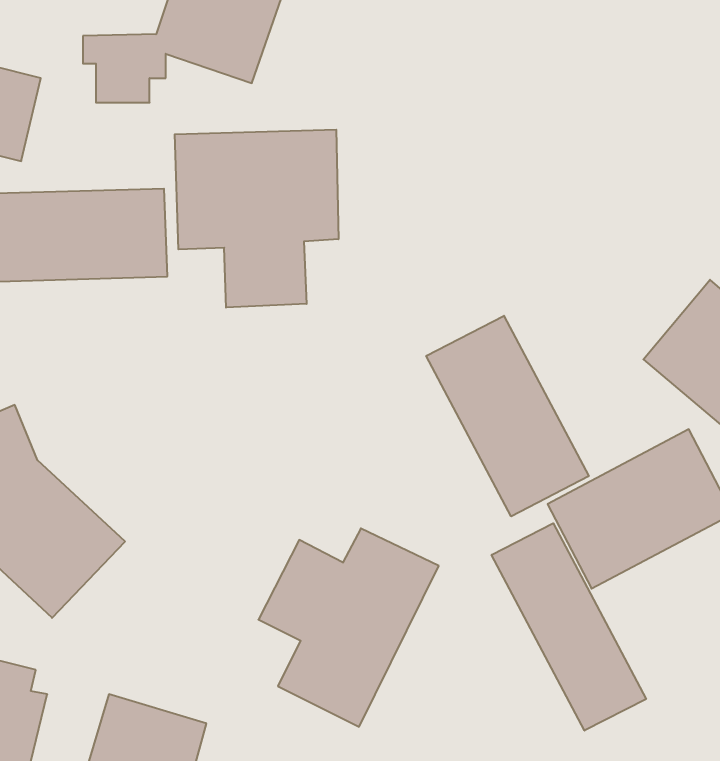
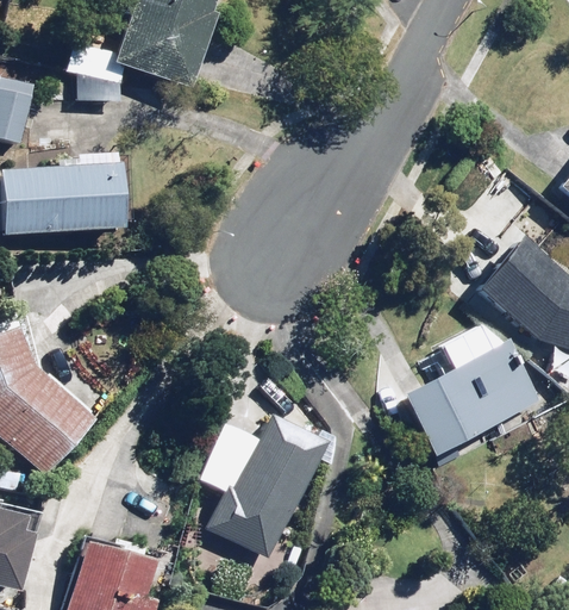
building: [175,130,338,308] -> none
building: [426,316,589,516] -> none
building: [492,523,646,731] -> none

